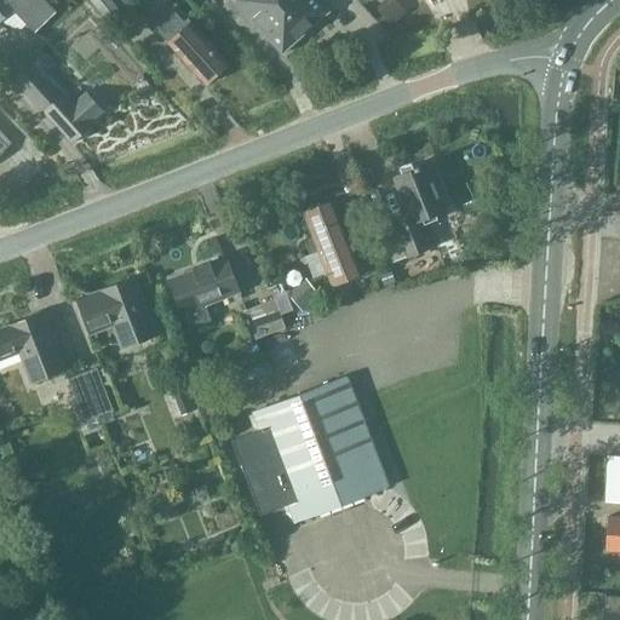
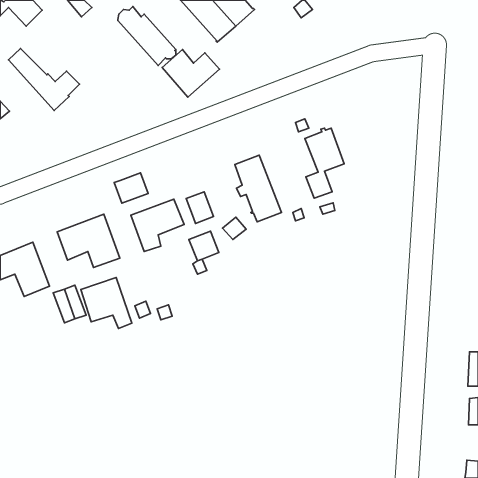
building: none -> [162,49,219,97]
building: none -> [114,173,148,203]
building: none -> [186,192,213,223]
building: none -> [81,277,132,328]
building: [234,377,390,522] -> none

